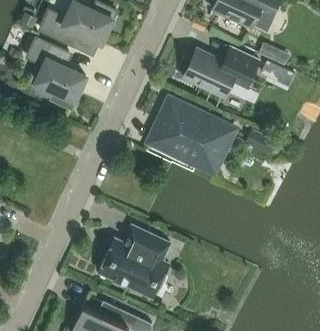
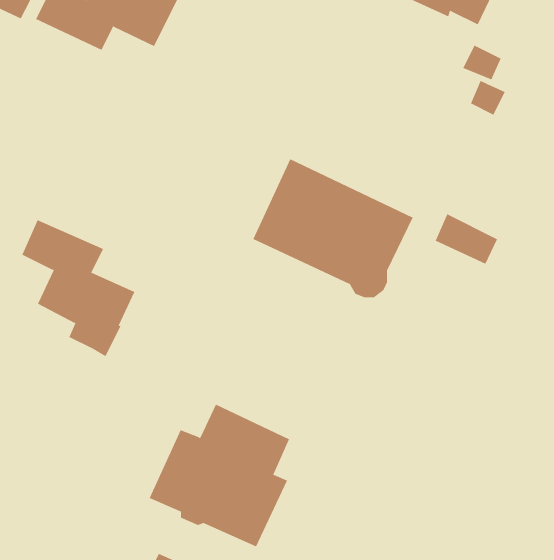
building: [28,39,86,109] -> [22,219,135,357]
building: [183,46,259,97] -> none

